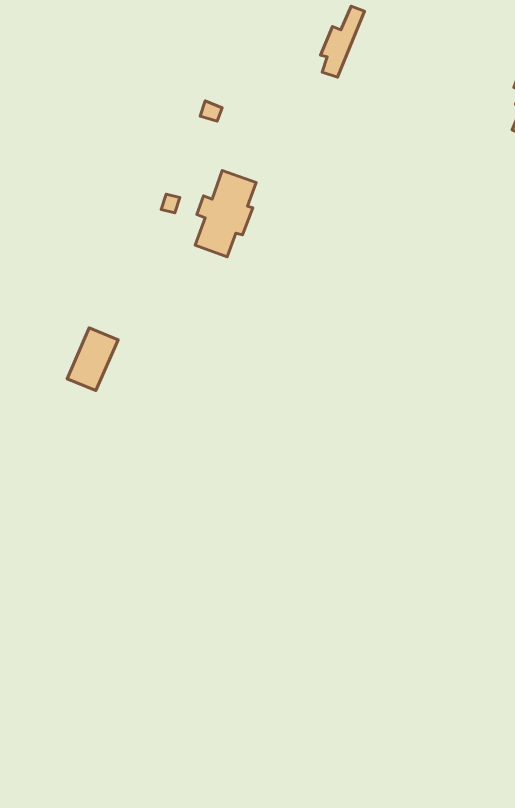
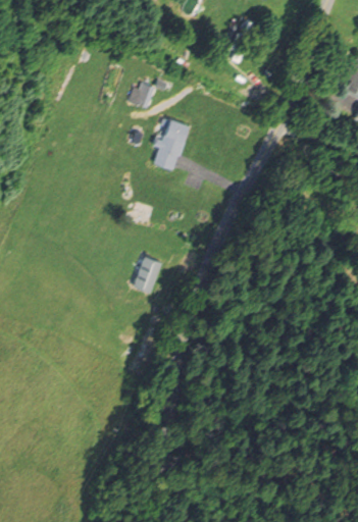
building: none -> [131,84,157,110]
building: [67,328,118,391] -> [130,253,160,291]

